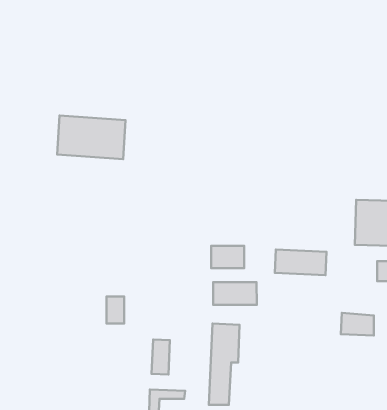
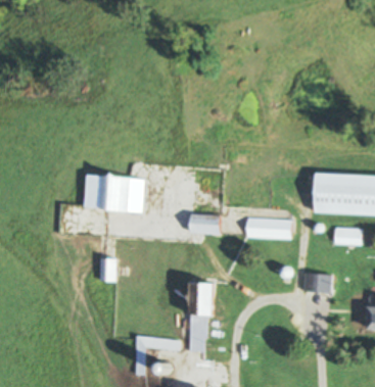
building: [57,116,126,159] -> [84,175,143,212]
building: [213,282,257,305] -> none
building: [152,339,170,374] -> none

